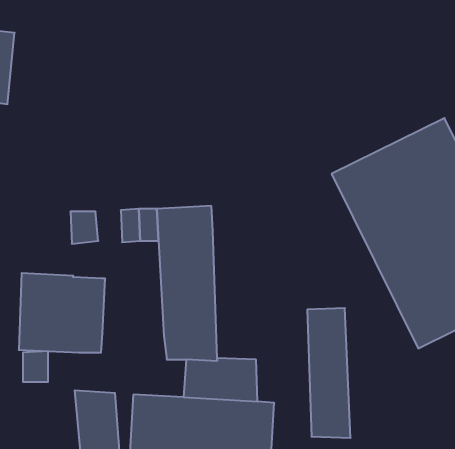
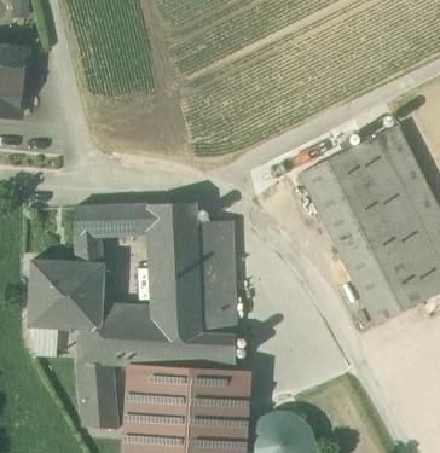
building: none -> [75,231,102,263]
building: [307,308,351,438] -> [197,221,235,333]
building: none -> [77,310,174,366]

